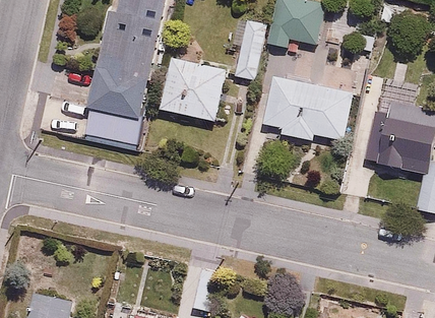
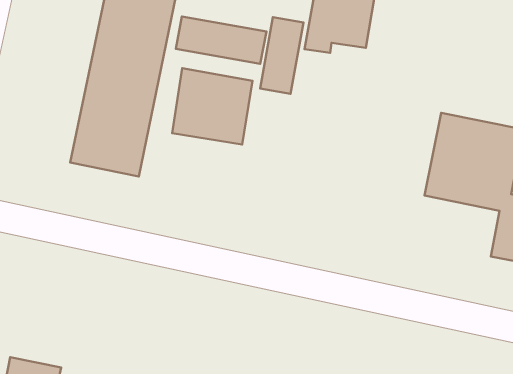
building: none -> [176,16,266,64]
building: [262,78,353,141] -> none

